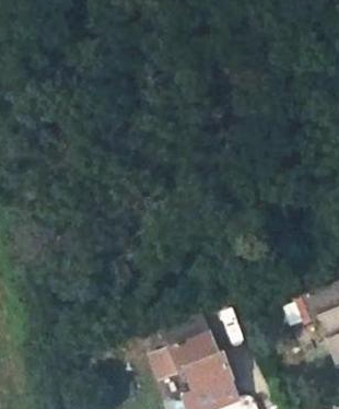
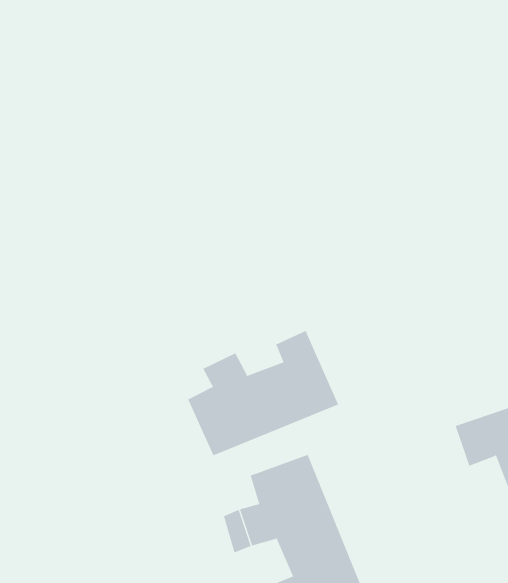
building: none -> [188,330,339,456]

